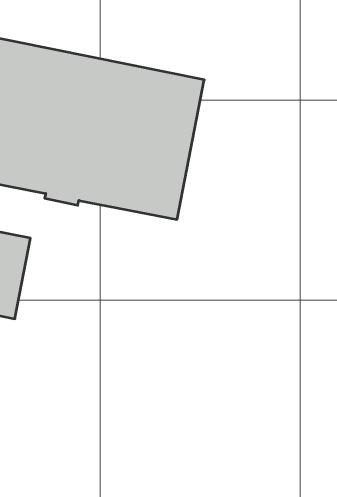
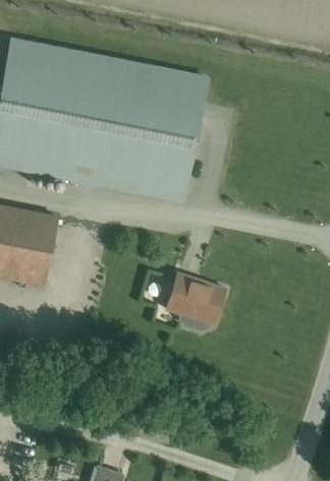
building: none -> [166,276,223,330]

